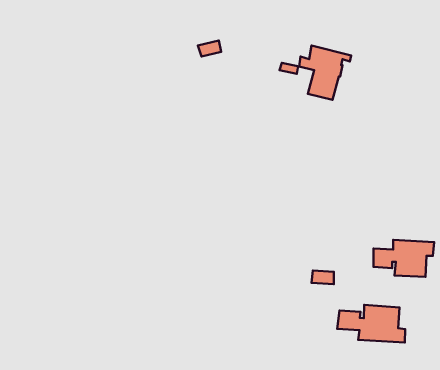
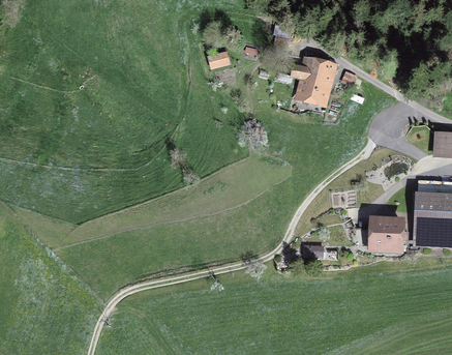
building: [337,305,405,343] -> none

